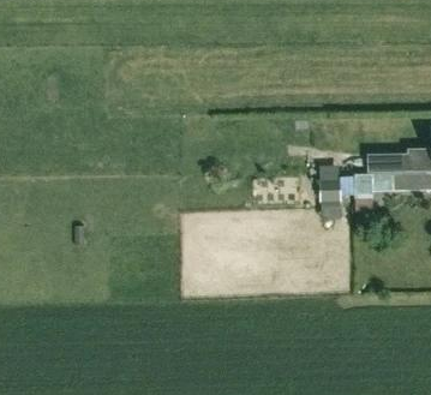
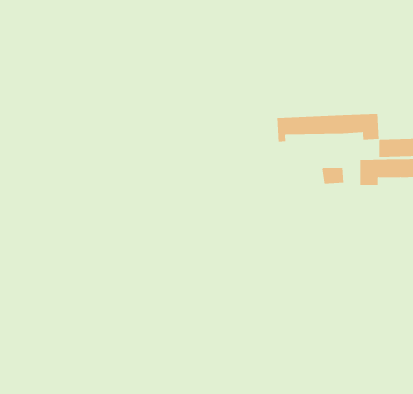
building: none -> [277,113,379,142]

